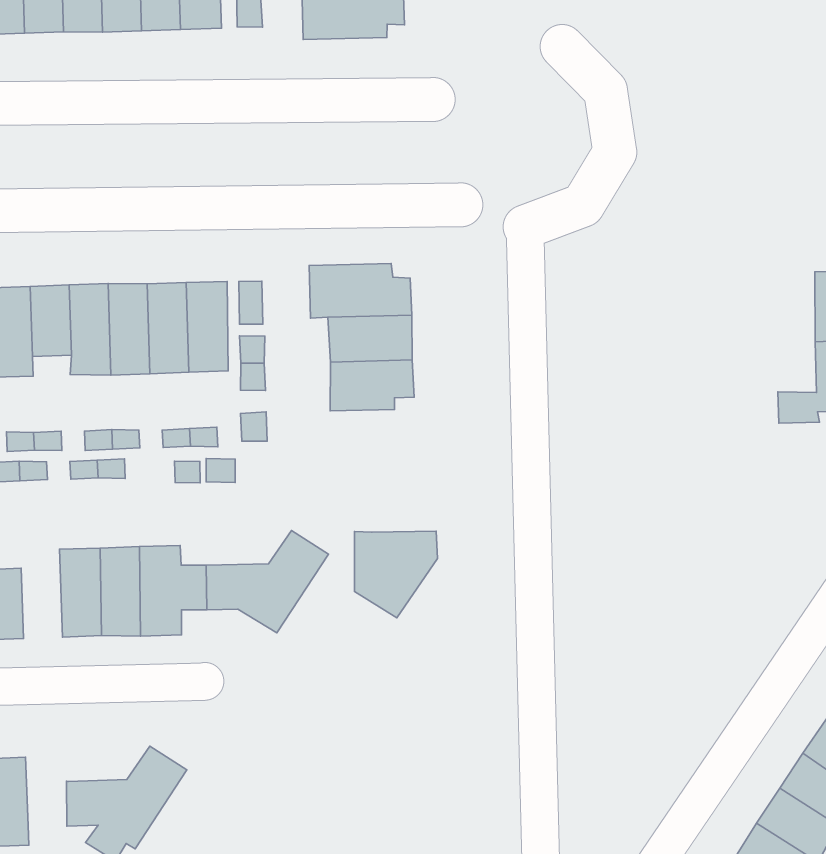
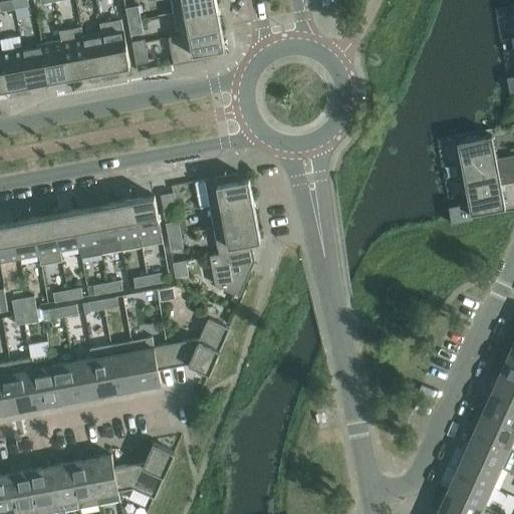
building: [354,531,438,618] -> [209,250,254,298]
building: none -> [71,360,98,400]
building: none -> [89,457,116,496]

